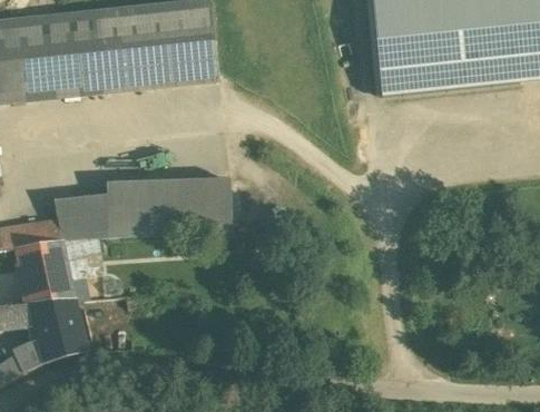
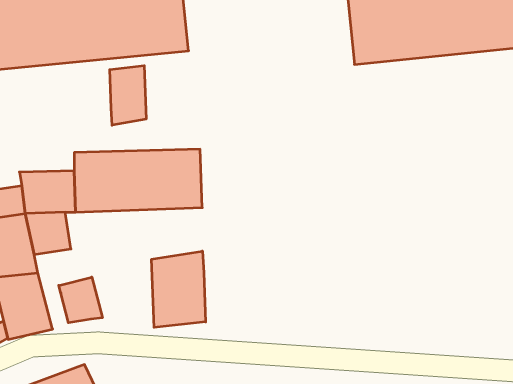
building: none -> [110,66,146,125]
building: none -> [152,251,206,327]
building: none -> [59,277,102,323]

